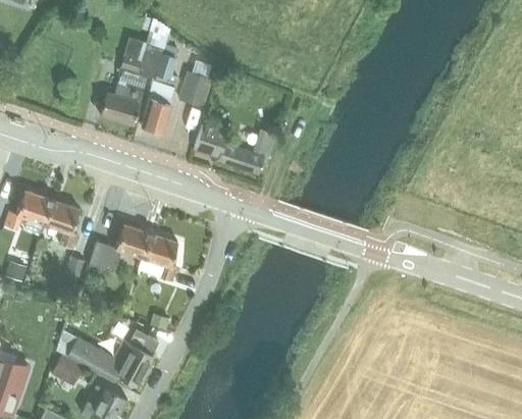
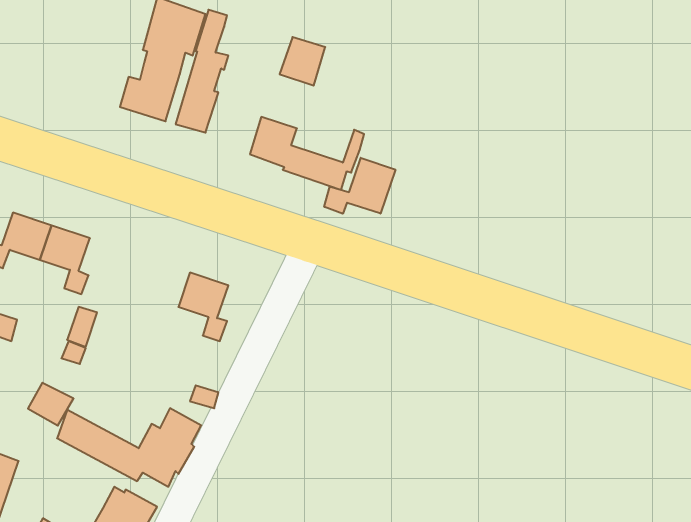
building: [178,70,211,105] -> [280,37,325,86]
building: none -> [324,158,395,214]
building: [89,223,151,271] -> none
building: [52,356,85,386] -> [28,383,74,426]

